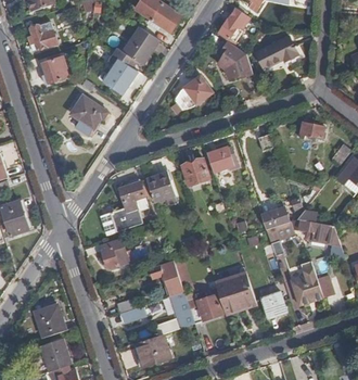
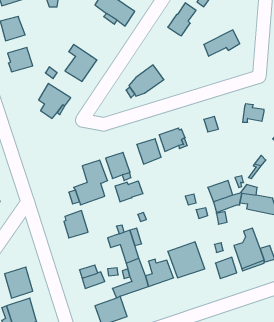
building: [111,26,158,66] -> none
building: [219,42,252,78] -> none
building: none -> [115,181,143,202]

